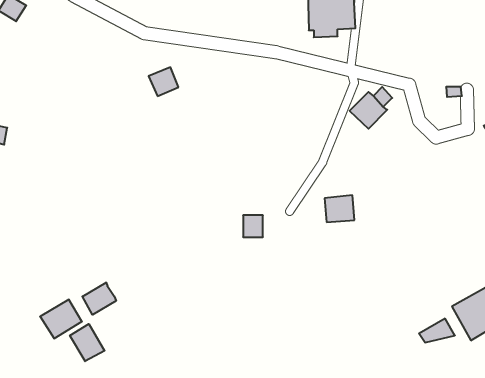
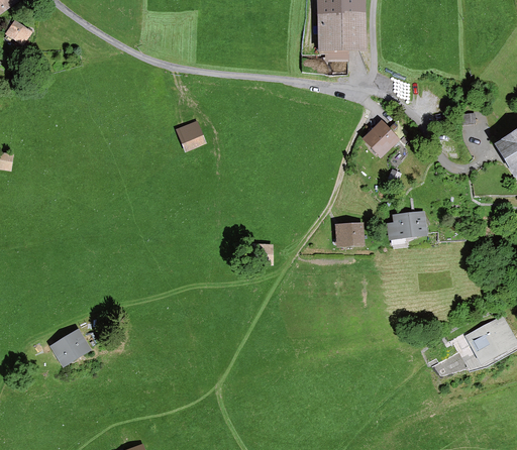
building: [149,67,178,96] -> [176,122,206,151]
building: none -> [387,210,427,240]
building: [82,282,116,315] -> none
building: [70,324,105,361] -> none

